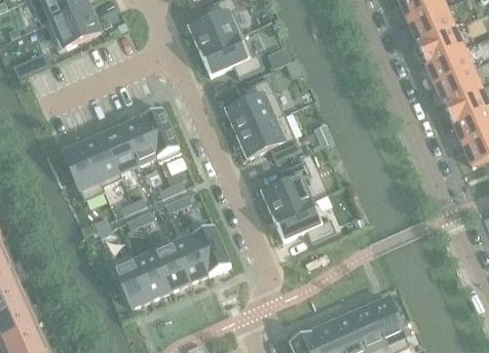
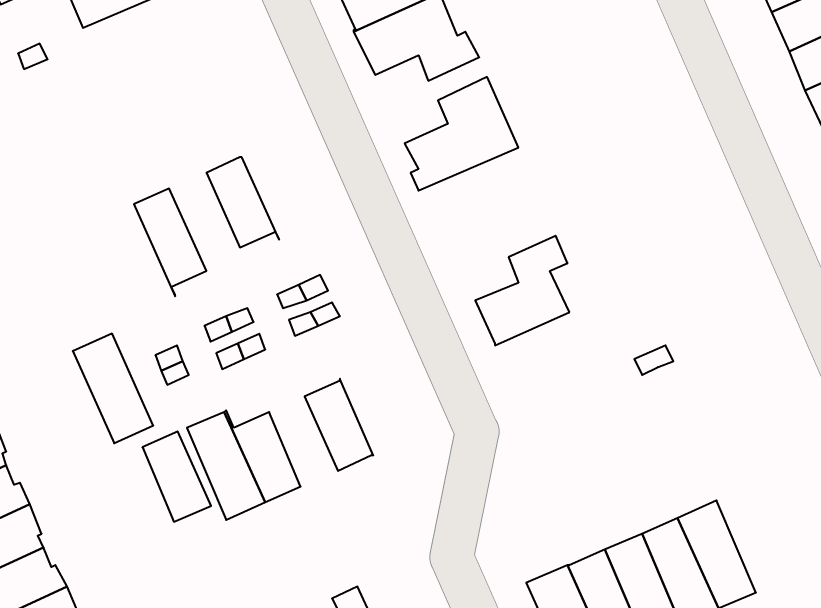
building: [140,107,181,160] -> none
building: [232,112,300,159] -> none
building: [102,125,139,177] -> none
building: [63,142,105,199] -> [73,334,153,443]
building: [272,198,336,242] -> none
building: [191,224,230,273] -> none
building: [154,242,190,289] -> [142,431,211,522]

